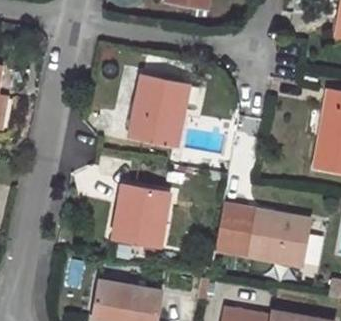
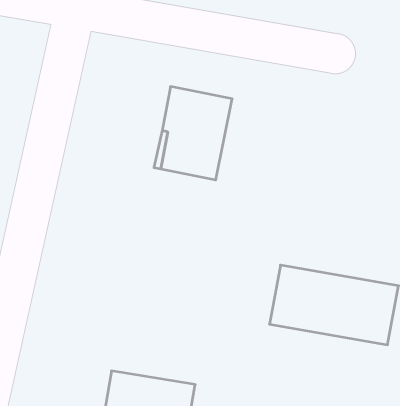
building: [115,184,169,244] -> none

